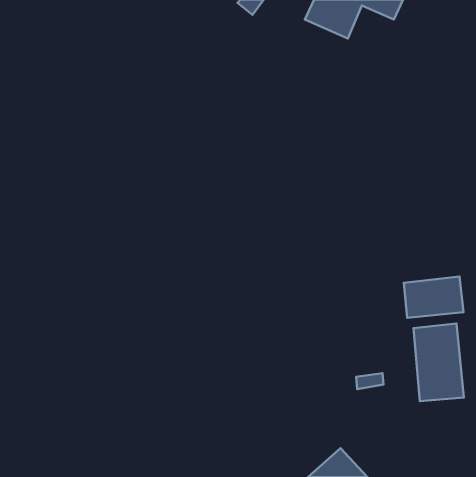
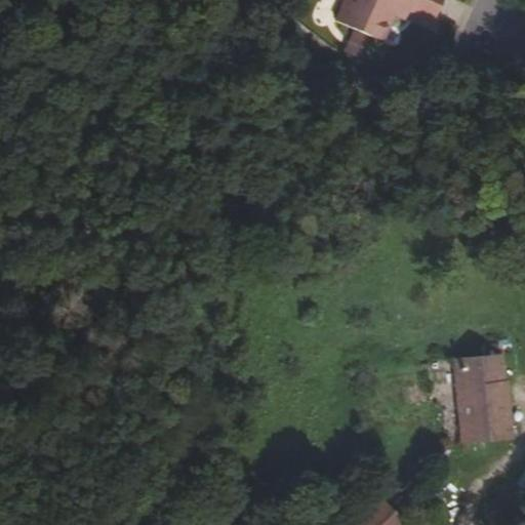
building: [404,276,464,318] -> none

